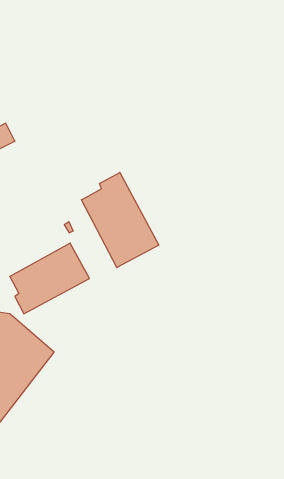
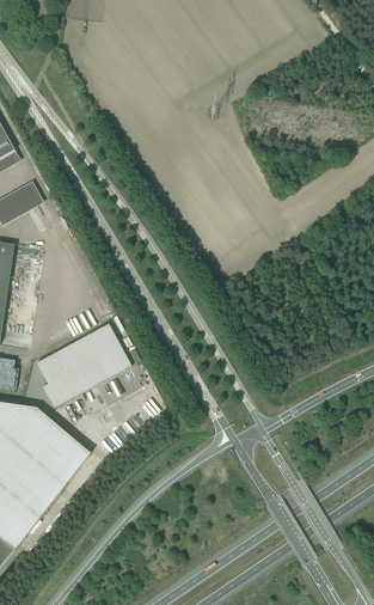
building: [81,172,159,268] -> none

